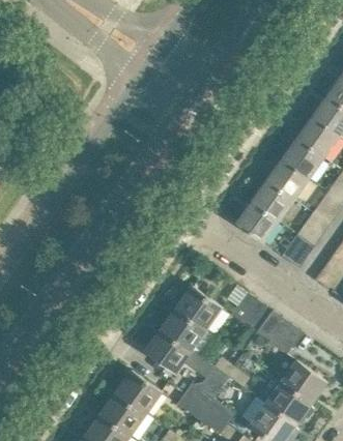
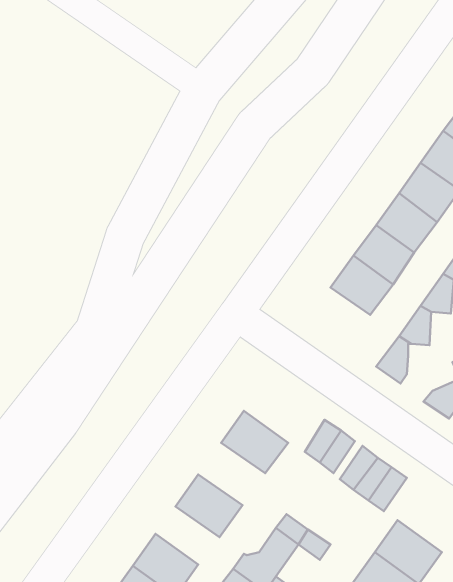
building: [235,203,277,243] -> none
building: [160,308,205,351] -> none

